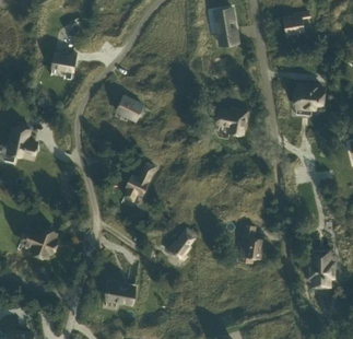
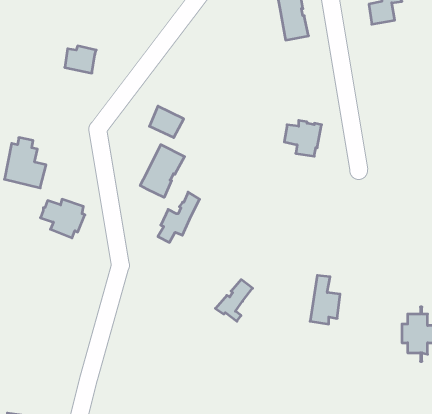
building: [294,86,322,110] -> none
building: none -> [140,145,185,197]
building: [22,227,56,257] -> [40,199,85,238]
building: [105,276,133,304] -> none

